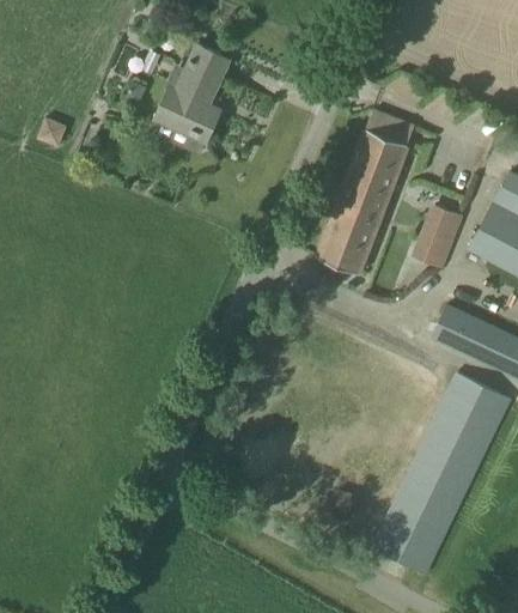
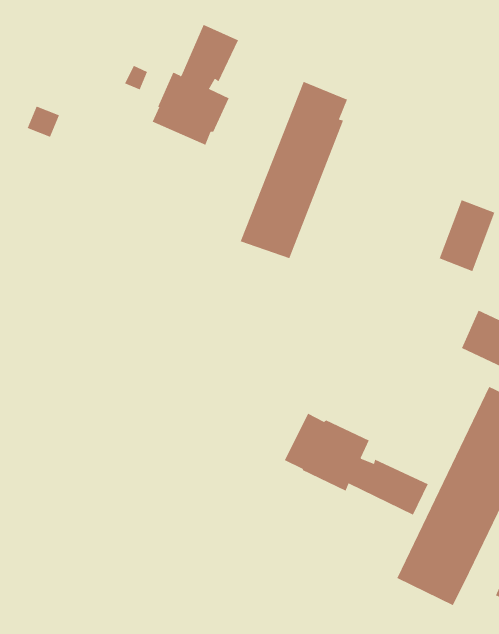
building: [316,110,414,272] -> [240,81,348,259]
building: none -> [284,413,428,516]

